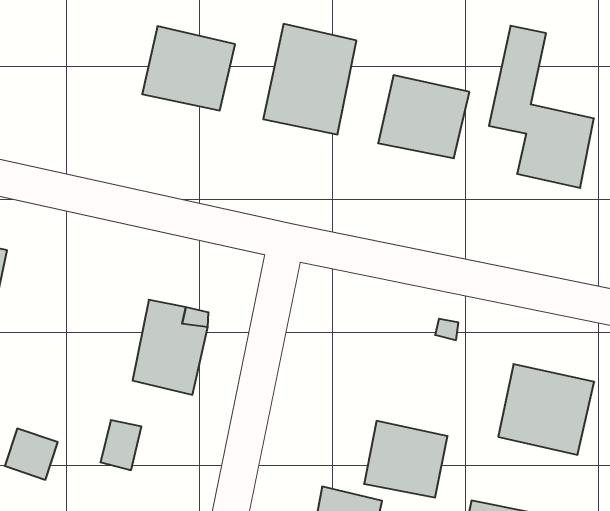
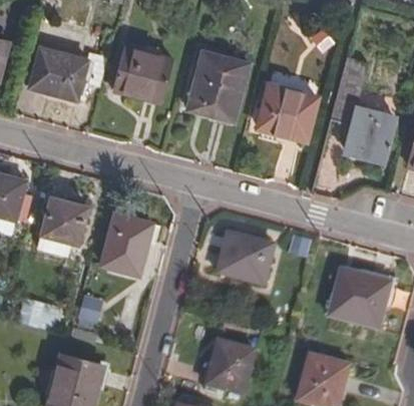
building: none -> [35,46,91,93]
building: none -> [34,199,84,254]
building: [364,421,448,498] -> [216,234,270,284]

